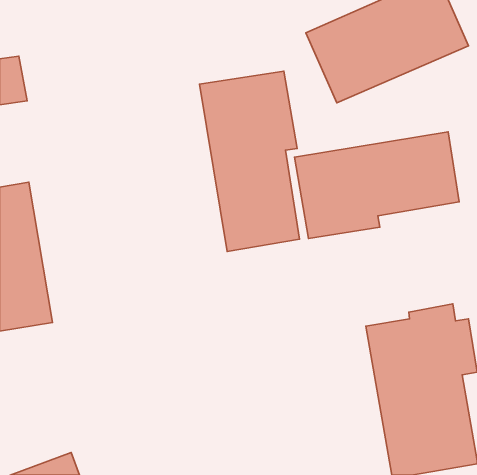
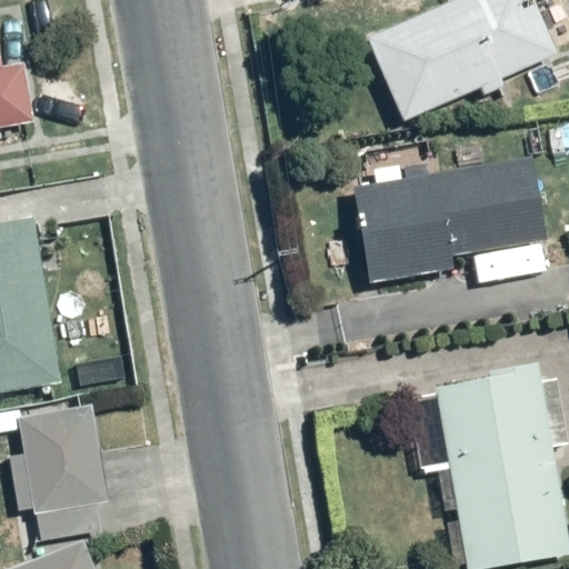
building: [200,71,300,252] -> none
building: none -> [11,405,108,540]

